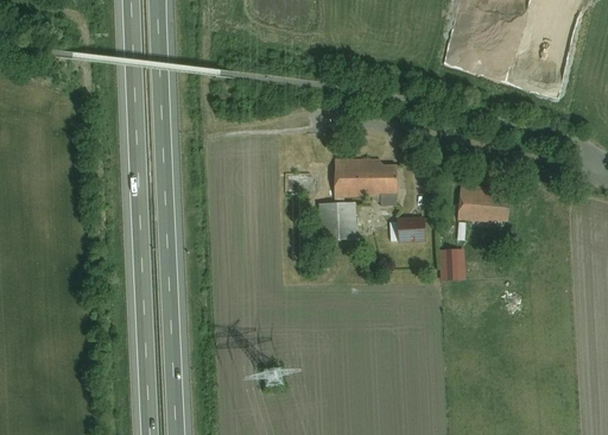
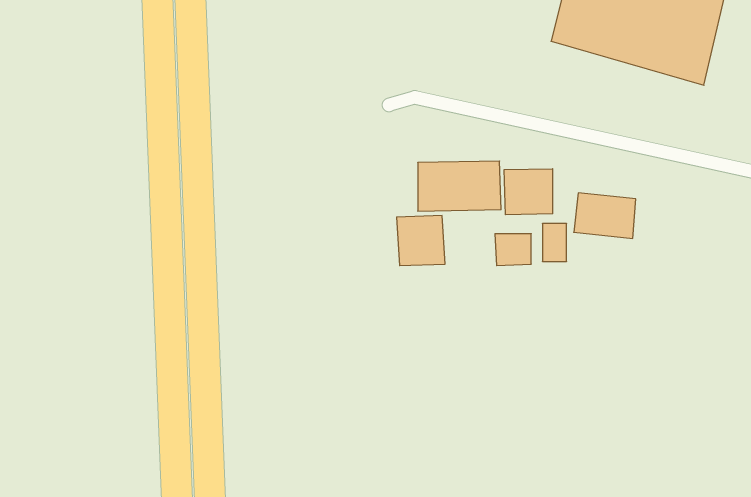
building: none -> [504,169,553,215]
building: [441,256,460,285] -> [542,224,567,261]

